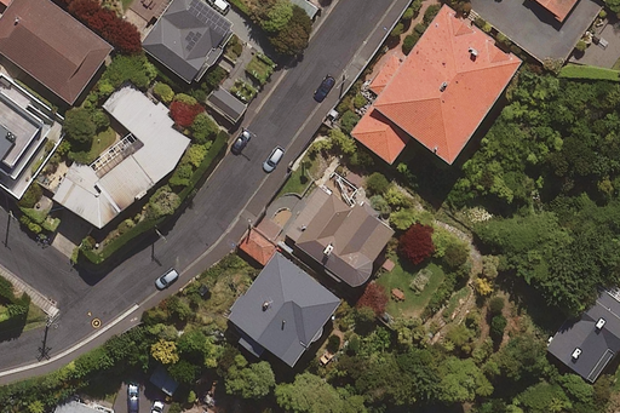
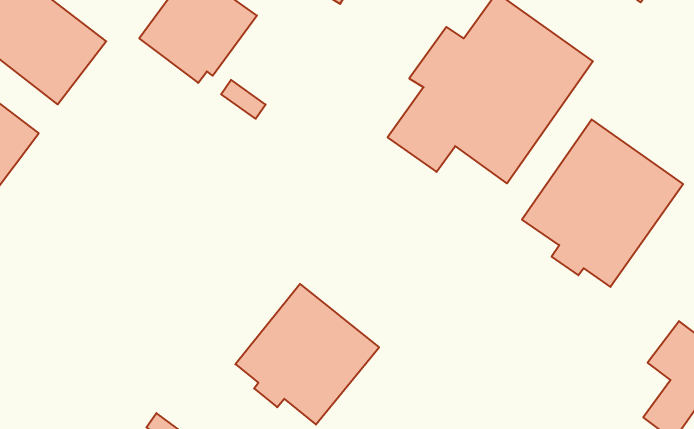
building: [51,75,189,230] -> none
building: none -> [522,119,683,287]
building: [280,182,392,293] -> none

